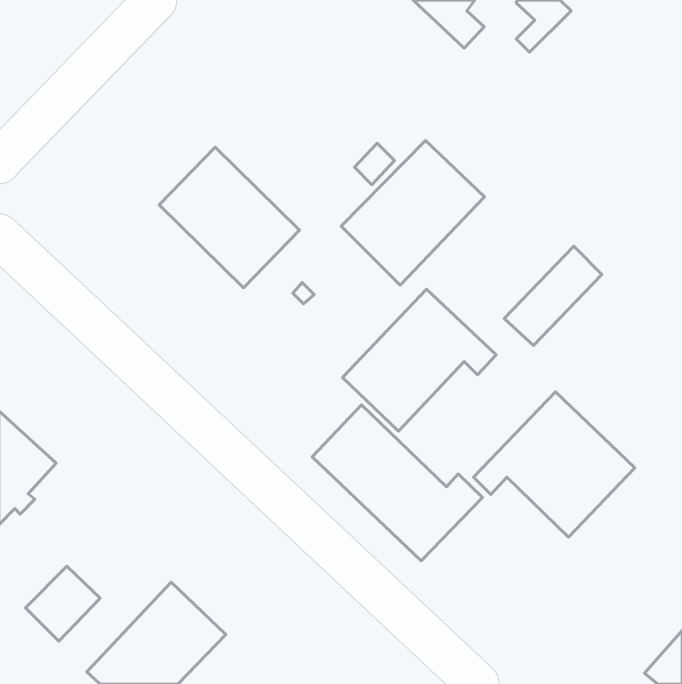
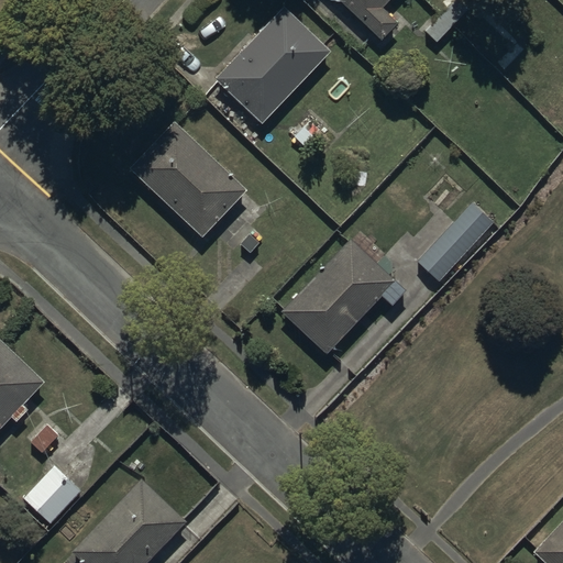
building: [341,141,484,285] -> [214,7,332,125]
building: [473,392,635,537] -> none
building: [312,405,483,561] -> none

